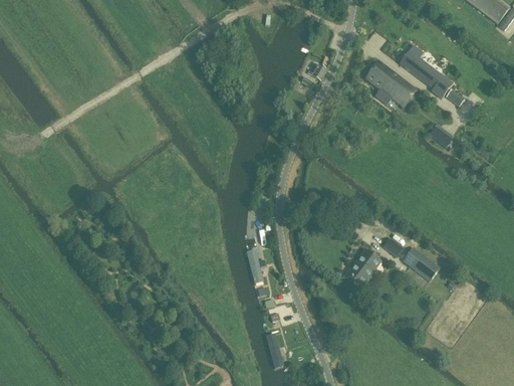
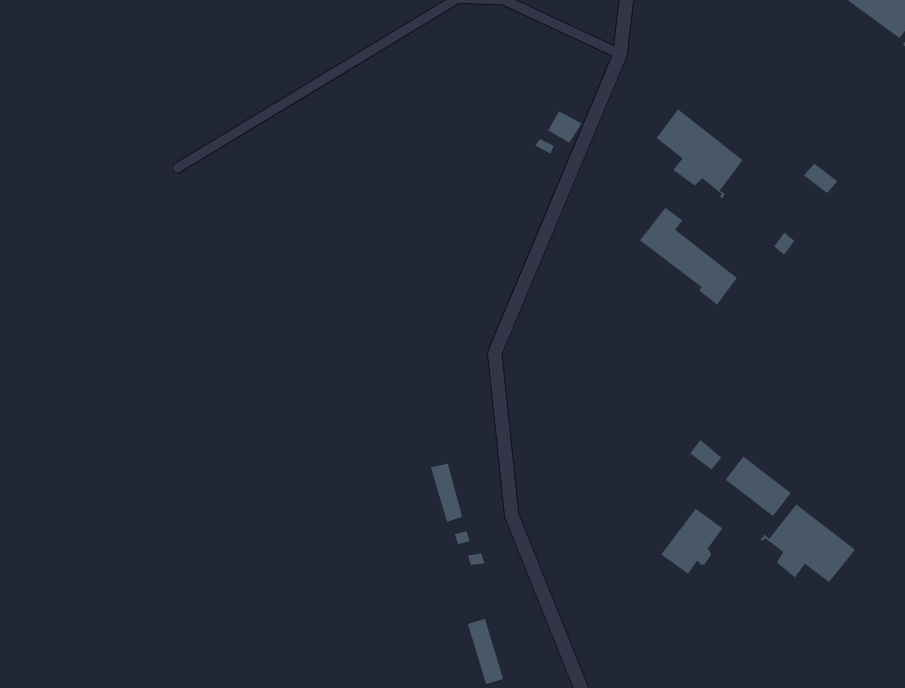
building: [400,44,453,98] -> [639,207,738,306]
building: [346,248,380,284] -> [660,508,723,575]
building: none -> [759,500,856,583]

